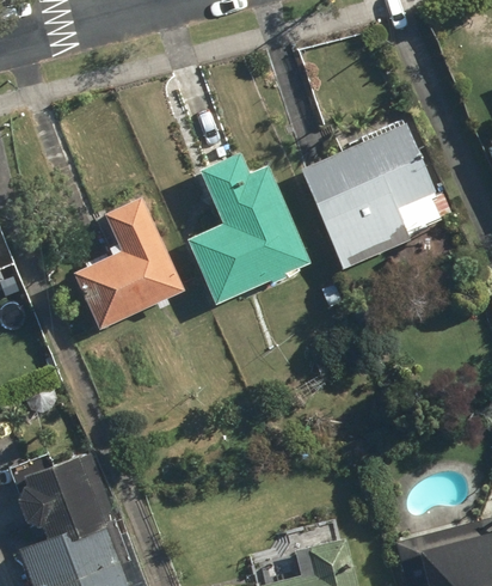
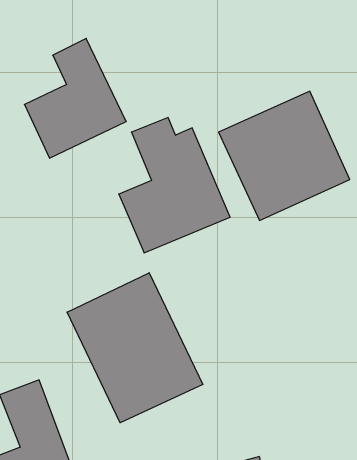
building: [69,196,185,332] -> [24,38,126,158]
building: none -> [67,273,203,423]

